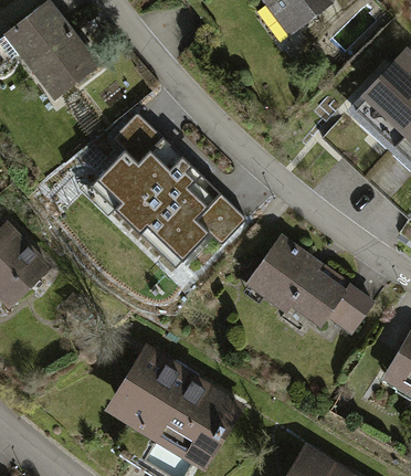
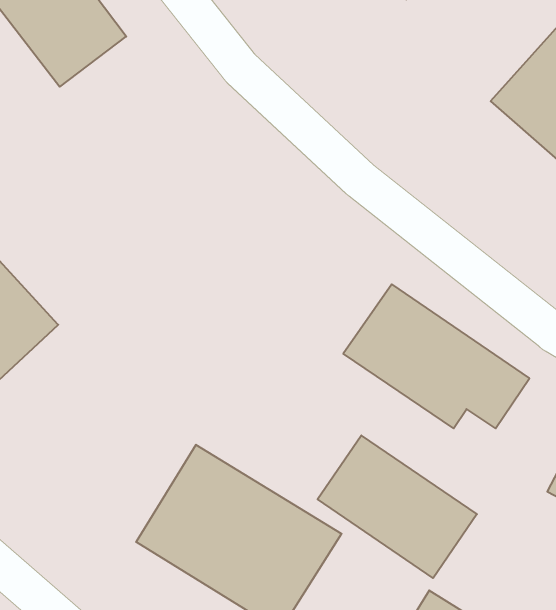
building: [98,119,247,269] -> none
building: none -> [318,435,477,578]

